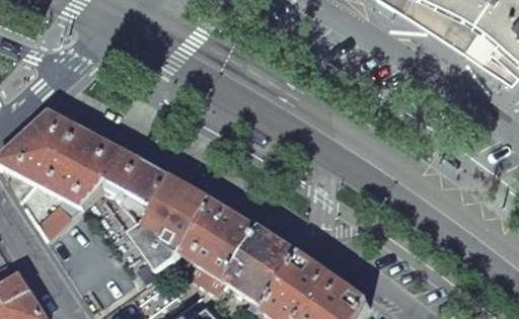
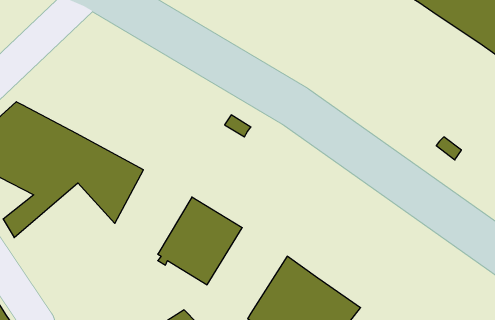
building: [131,175,215,280] -> none
building: [229,229,303,308] -> none

